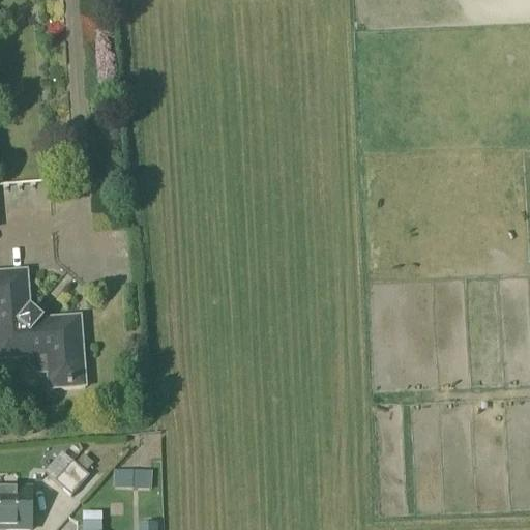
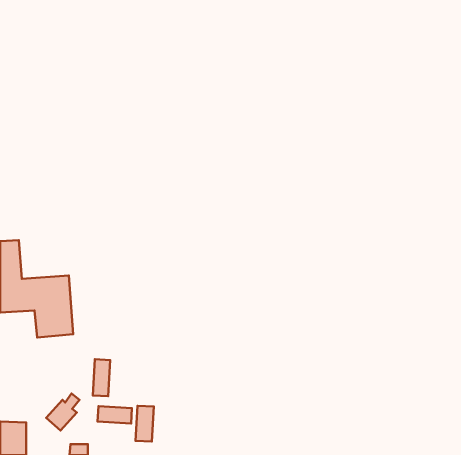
building: none -> [93,359,110,396]
building: none -> [135,406,154,442]

